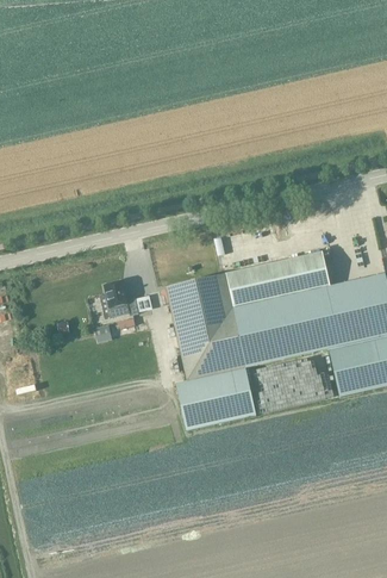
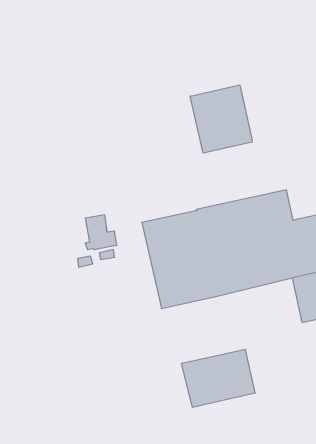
building: none -> [190,85,252,153]
building: [175,367,256,430] -> [181,349,255,407]

